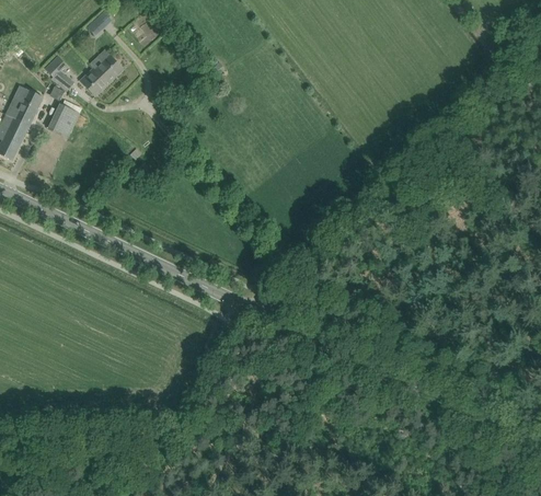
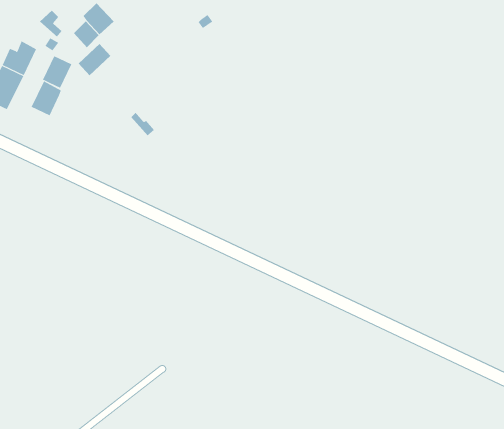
building: none -> [78,43,111,76]
building: none -> [31,81,62,116]

